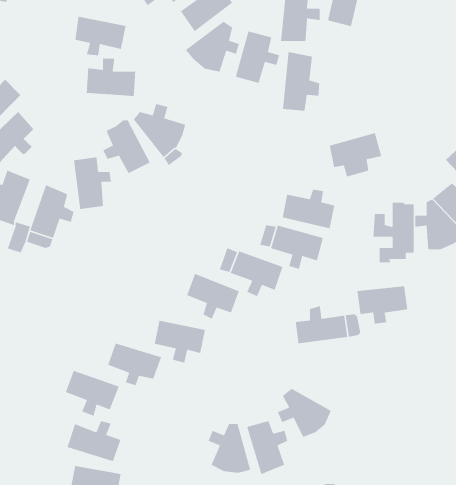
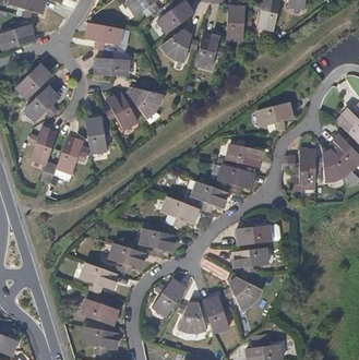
building: [282,51,320,111] -> none
building: [356,286,408,324] -> [232,248,267,274]
building: none -> [152,278,184,315]

